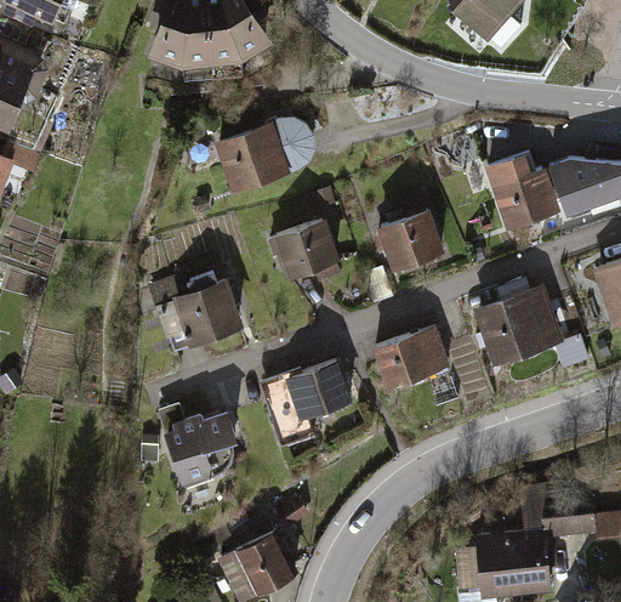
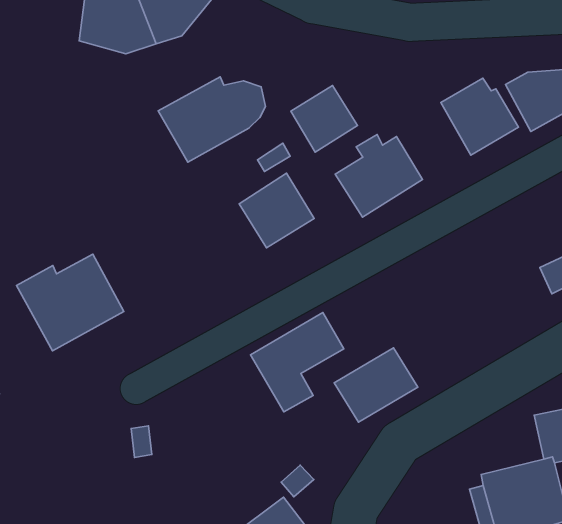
building: none -> [291,86,358,152]
building: [149,268,247,354] -> [16,254,124,351]
building: [472,279,565,368] -> none
building: [371,325,450,391] -> [334,348,418,422]
building: [156,407,238,487] -> none

